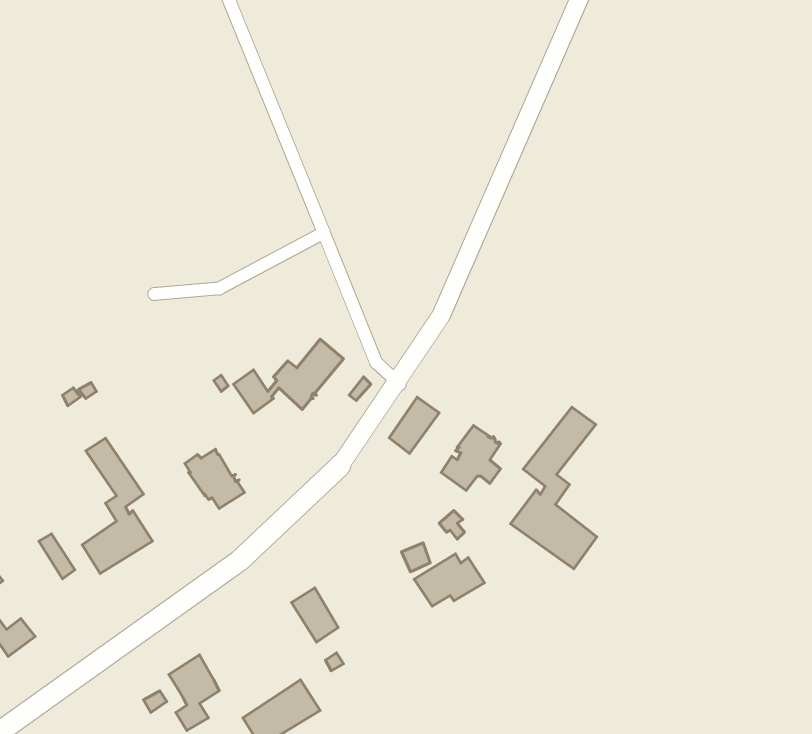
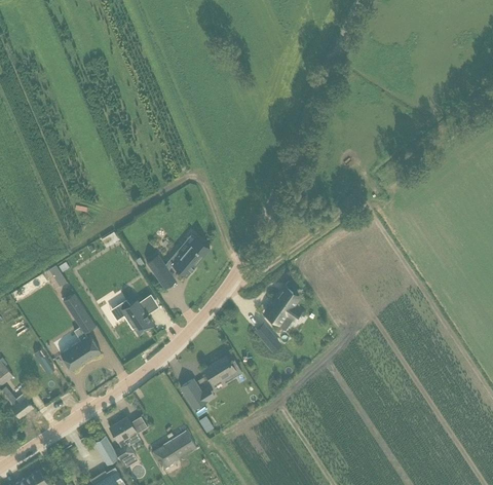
building: [389,397,439,453] -> none
building: [511,407,597,569] -> none
building: [414,554,484,606] -> [202,357,242,386]

